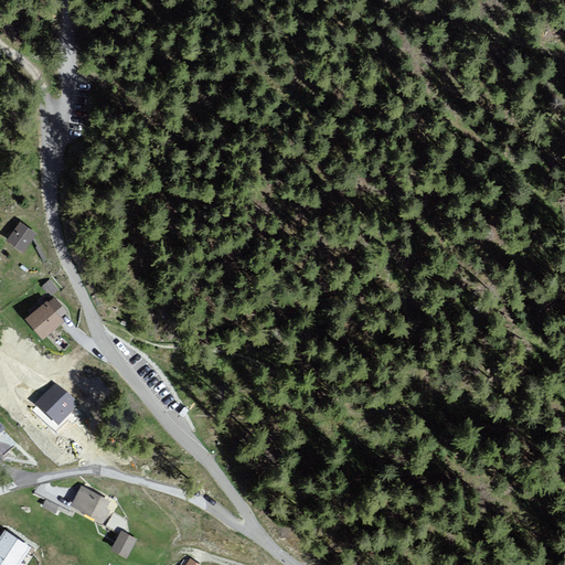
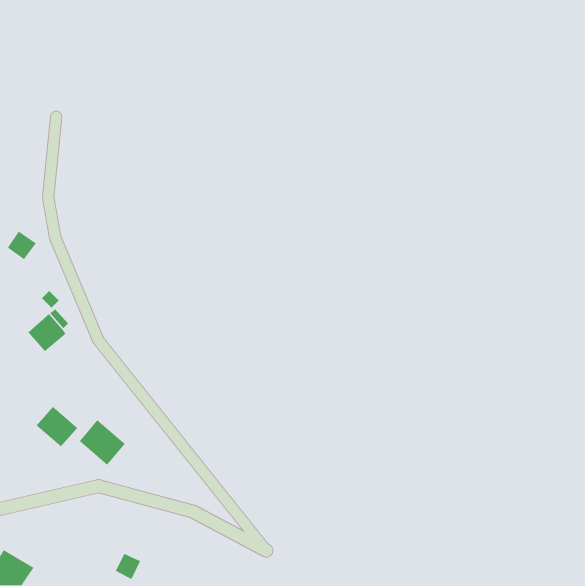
building: none -> [79,419,126,466]
building: [70,483,114,521] -> none

